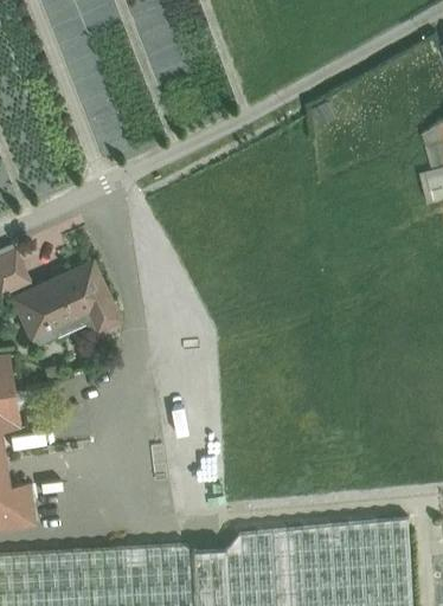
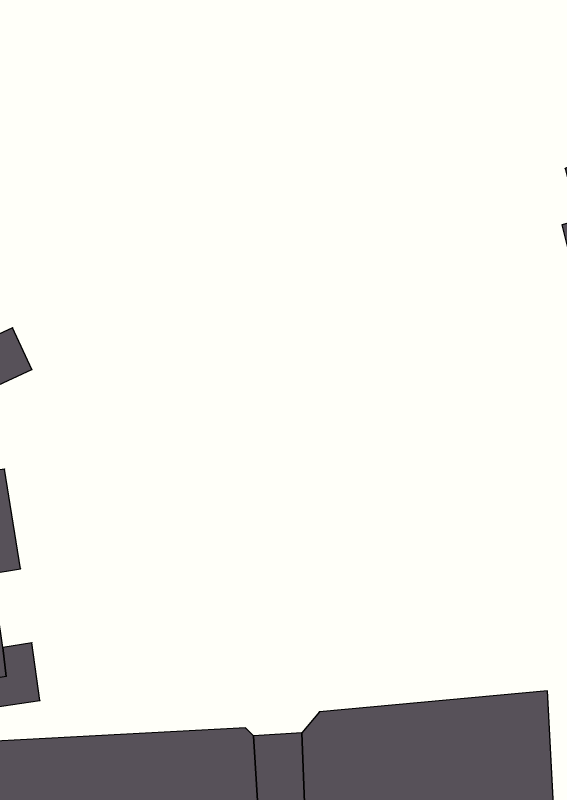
building: [12,260,120,346] -> none

